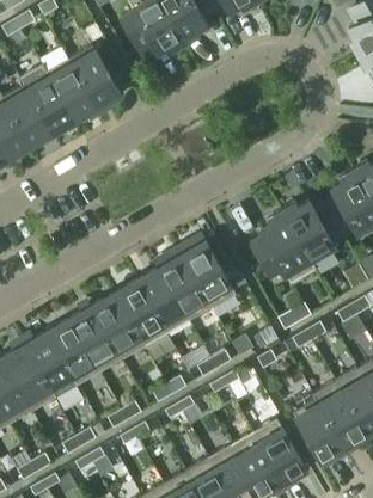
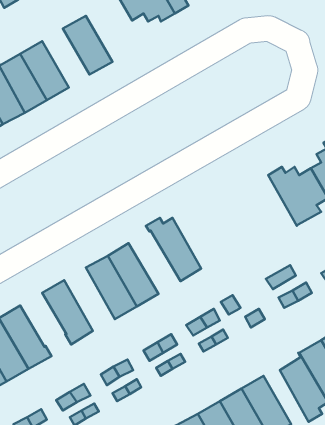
building: [47,59,96,119] -> none
building: [252,210,314,282] -> none
building: [182,235,236,307] -> none
building: [136,268,190,333] -> none
building: [69,306,122,371] -> none
building: [24,332,77,398] -> none

